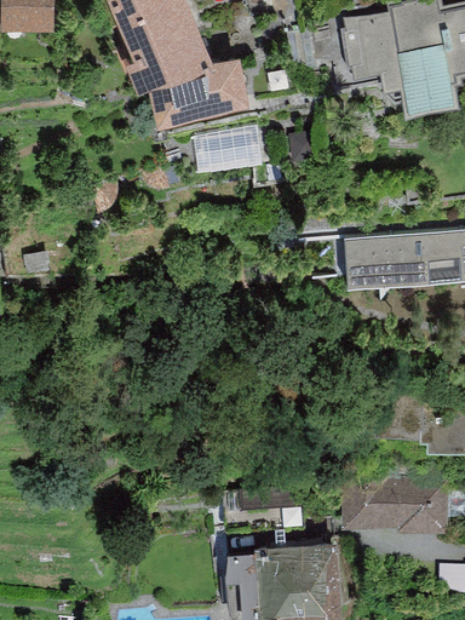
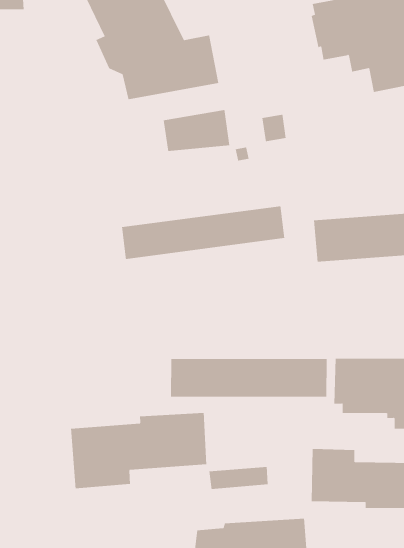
building: none -> [122,205,285,260]
building: none -> [170,358,327,397]
building: none -> [70,412,207,489]

